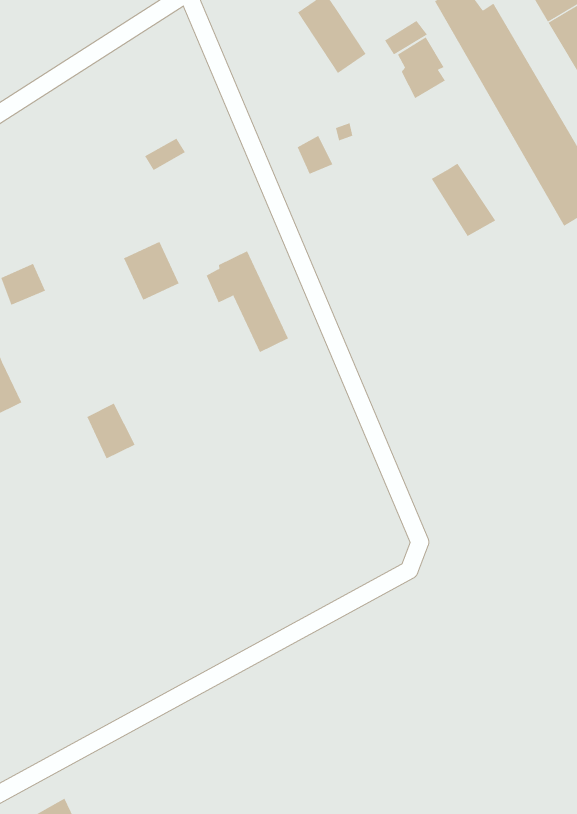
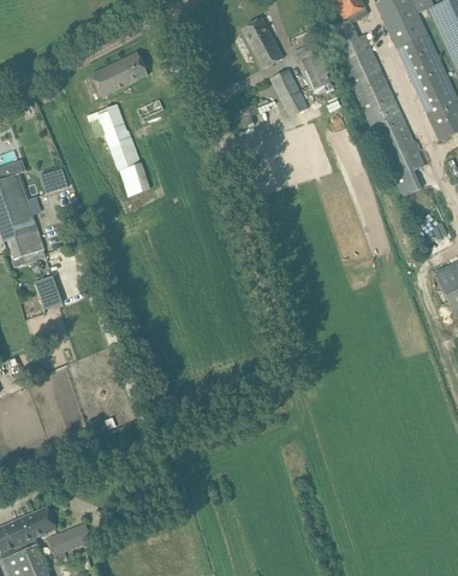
building: none -> [91,52,148,96]
building: [431,163,496,237] -> [270,69,309,115]
building: [206,250,289,353] -> [90,105,138,170]
building: [87,403,135,459] -> [35,274,64,309]

